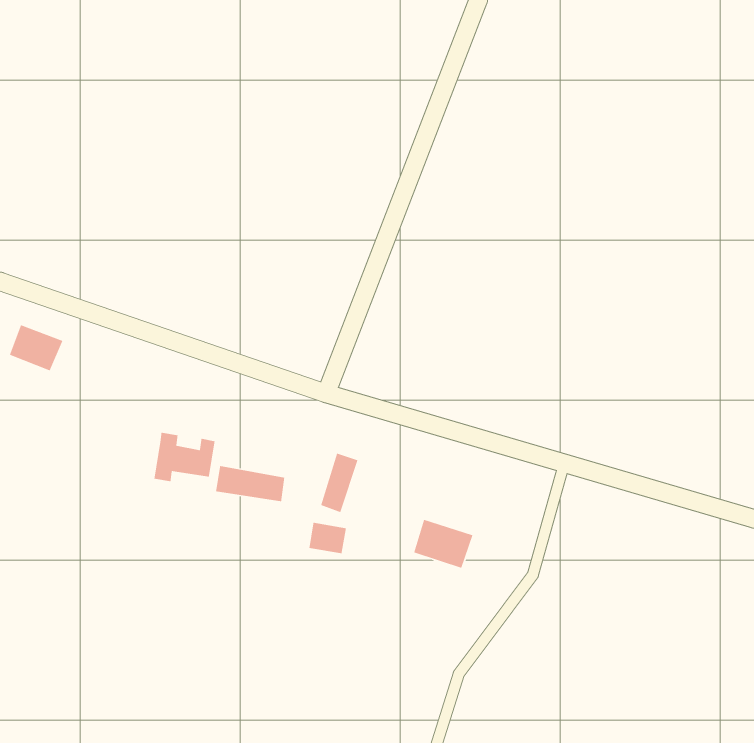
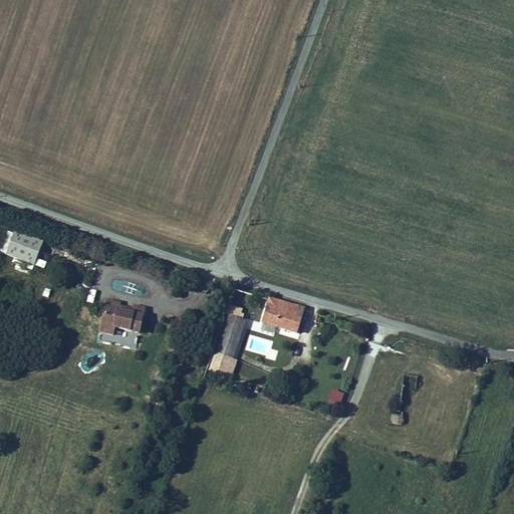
building: [215,465,285,502] -> none
building: [413,519,474,569] -> [260,297,301,331]

